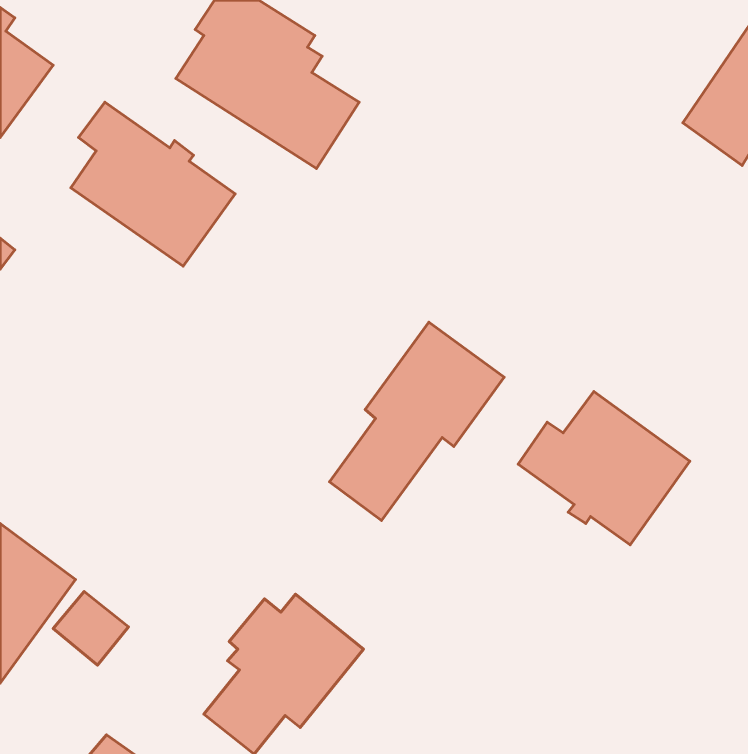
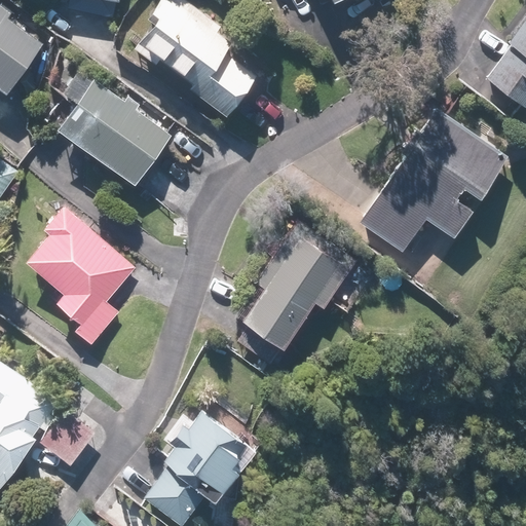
building: none -> [362,109,509,252]
building: none -> [29,209,138,342]
building: [518,391,690,545] -> none

